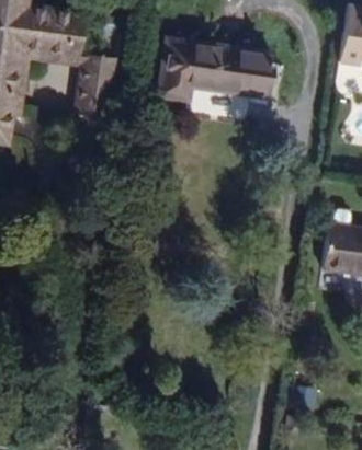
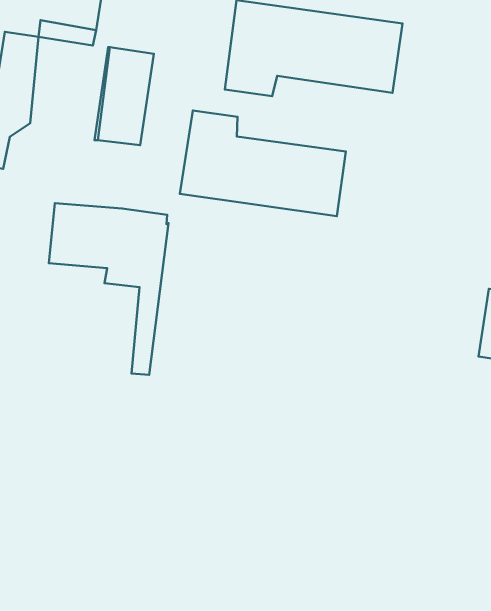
building: none -> [180,111,346,216]
building: none -> [49,203,168,375]

